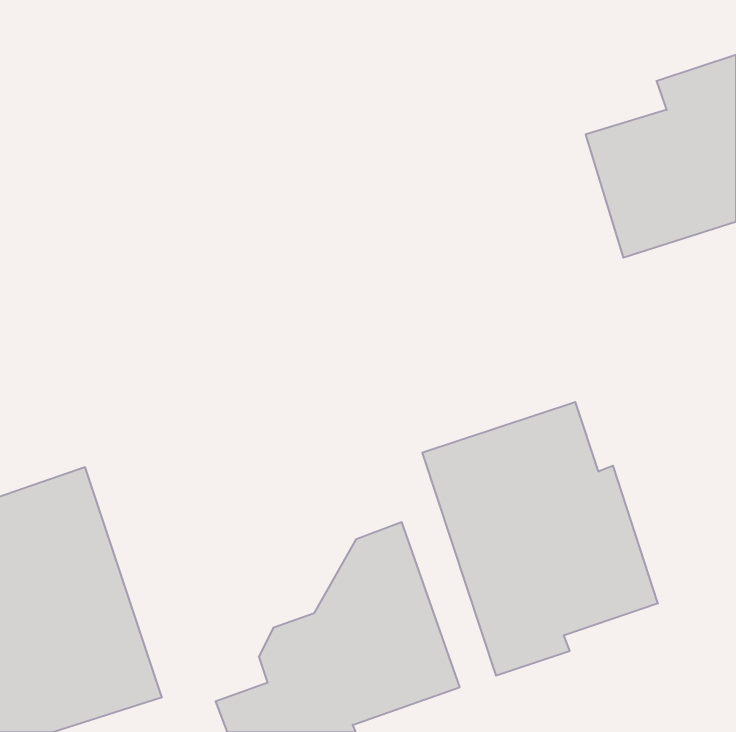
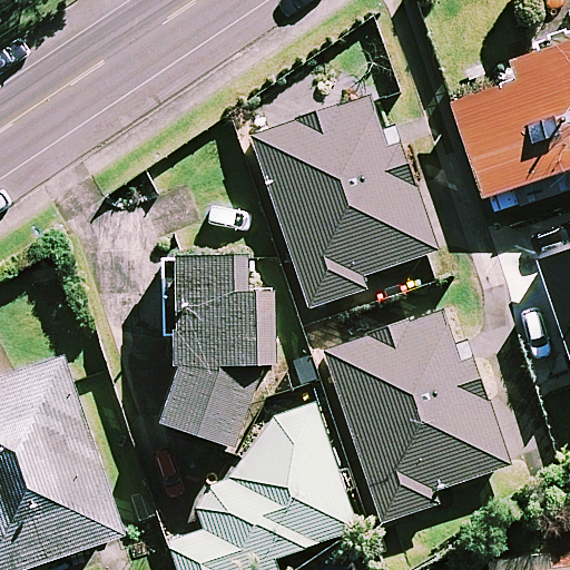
building: none -> [255,97,434,306]
building: none -> [155,254,278,453]

